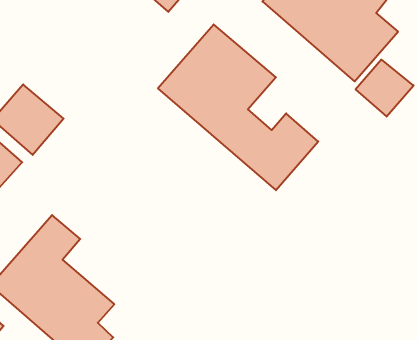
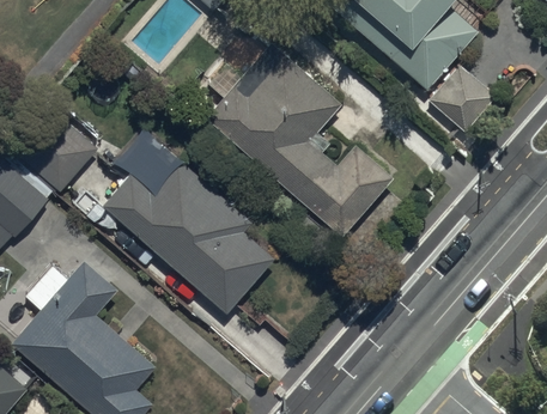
building: none -> [103,153,272,309]

